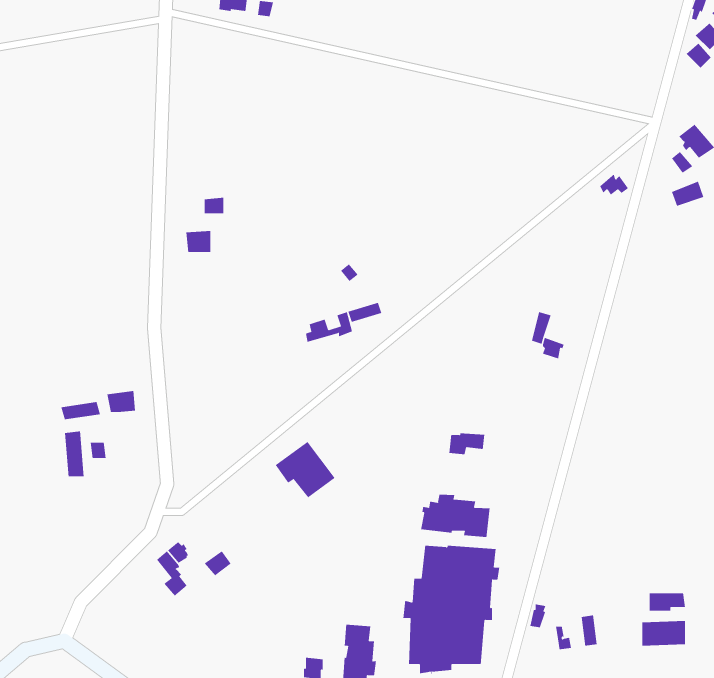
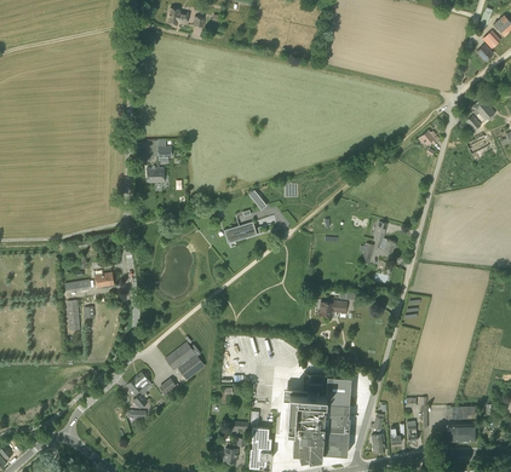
building: [275,441,336,498] -> [165,343,205,380]
building: [421,494,490,538] -> none

